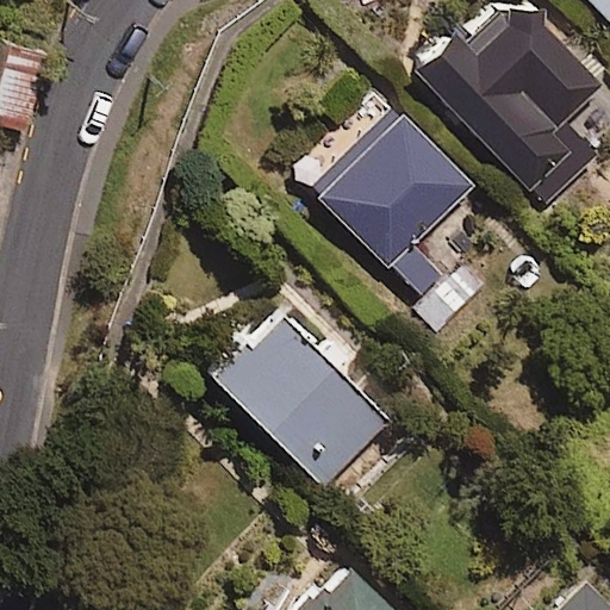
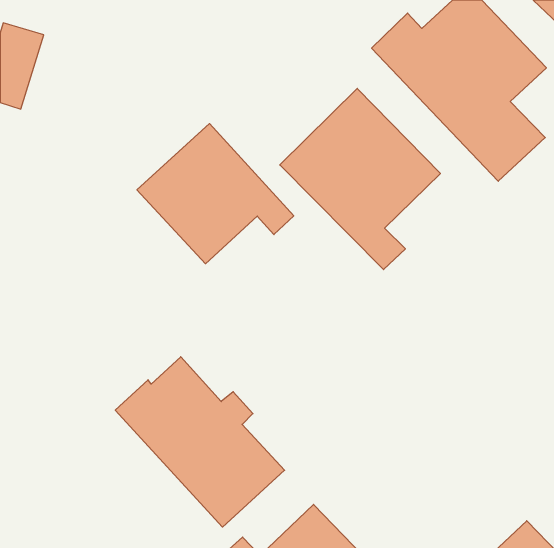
building: none -> [137,124,294,264]
building: [206,304,391,490] -> [115,357,285,527]

